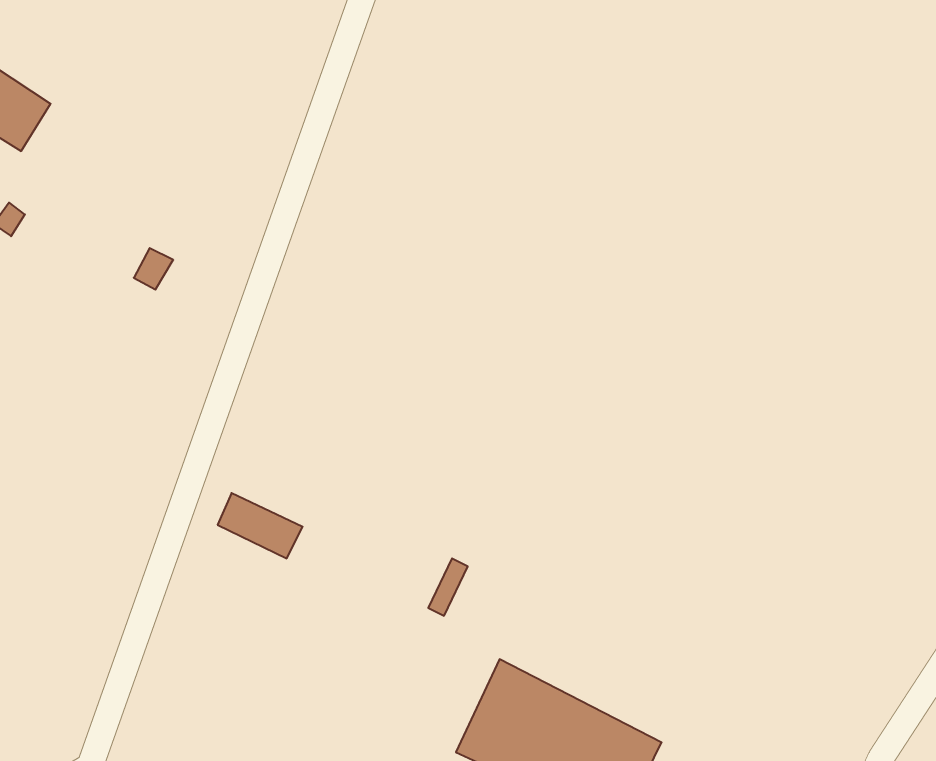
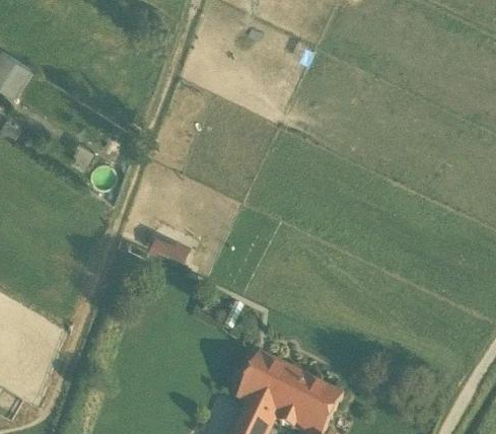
building: [218,493,303,558] -> [147,231,191,265]

